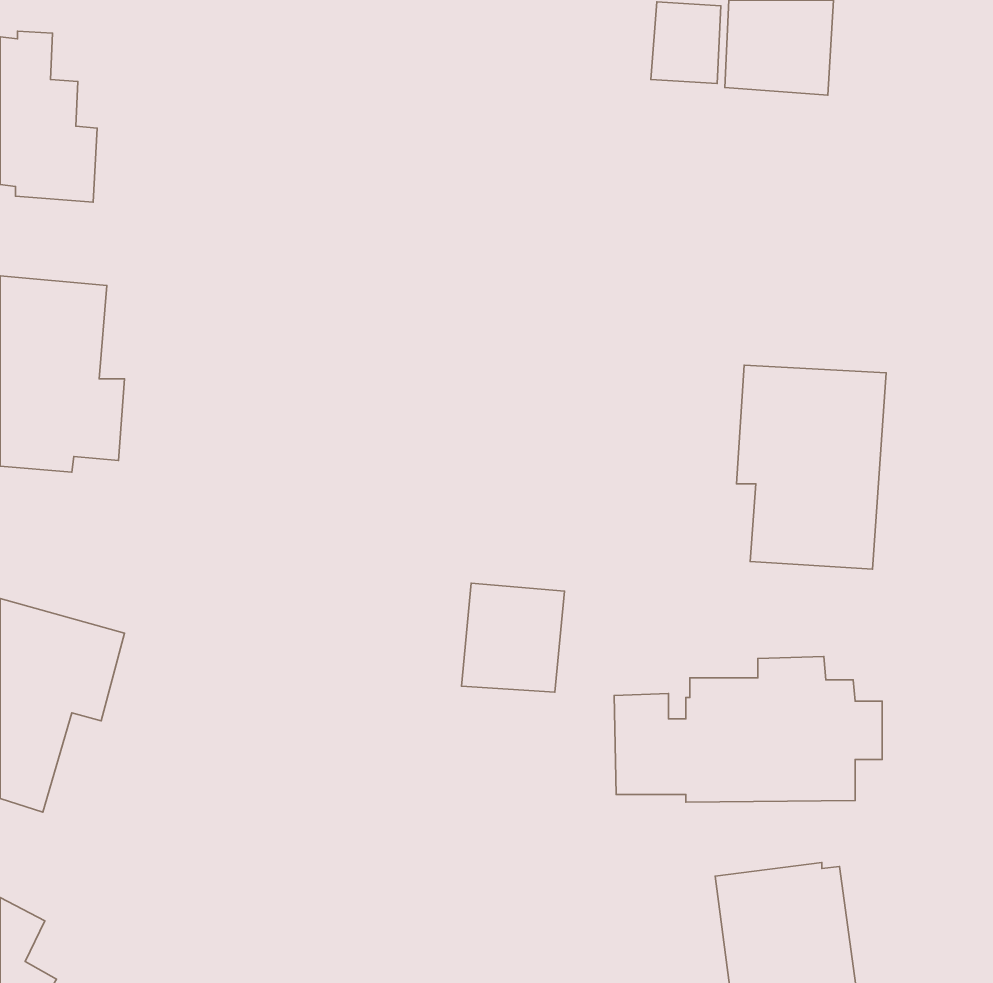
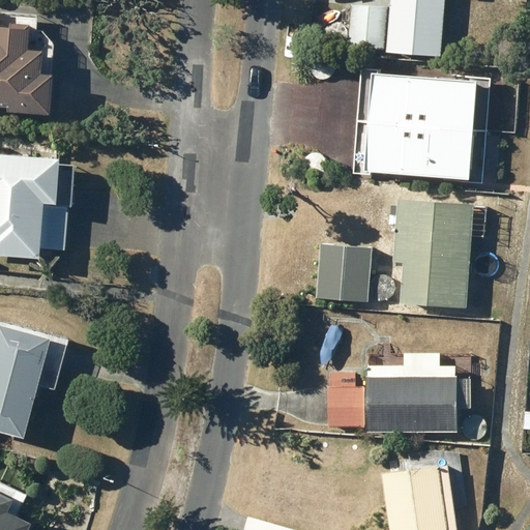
building: none -> [353,69,488,184]
building: [462,583,565,692] -> [316,244,371,302]

